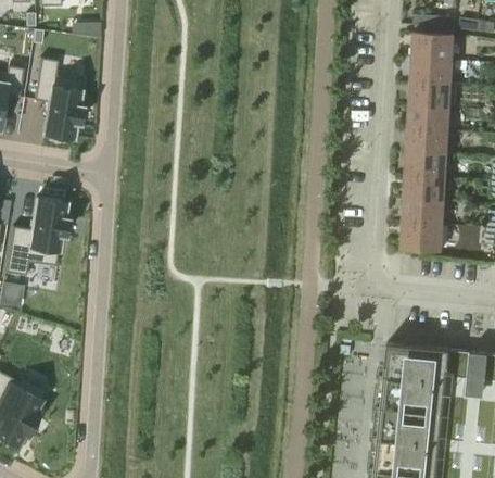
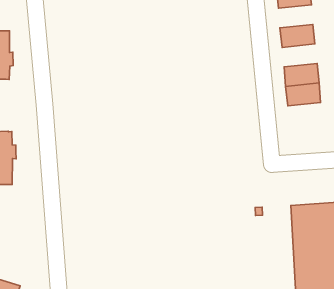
building: [408,104,450,130] -> none
building: [406,152,447,178] -> none
building: [402,224,443,251] -> none

